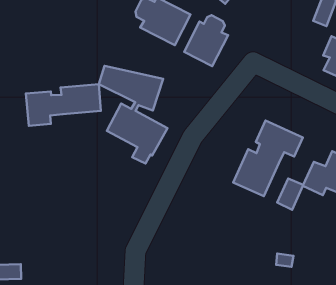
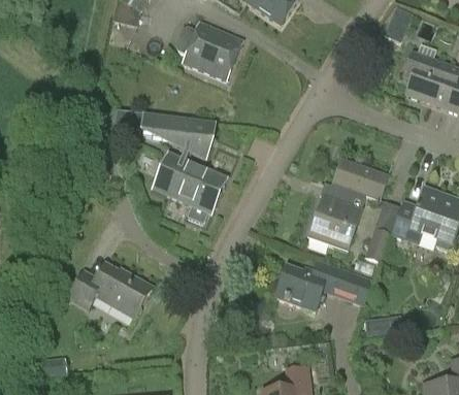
building: [184,15,228,66] -> none
building: [26,84,101,126] -> none
building: none -> [68,264,150,317]
building: none -> [276,258,373,310]

